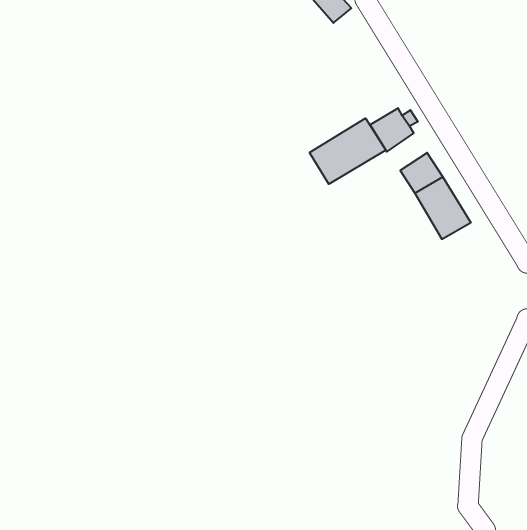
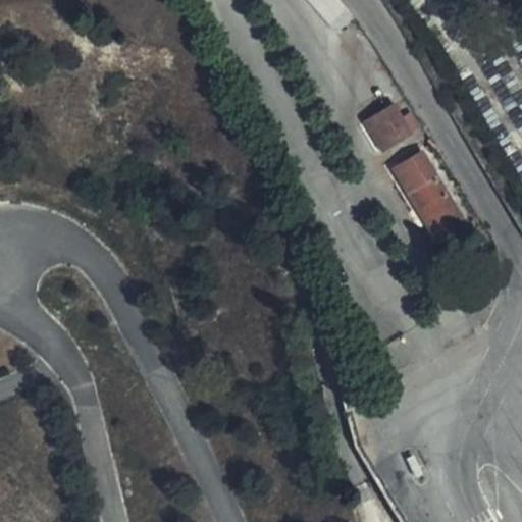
building: [310,118,386,184] -> none

